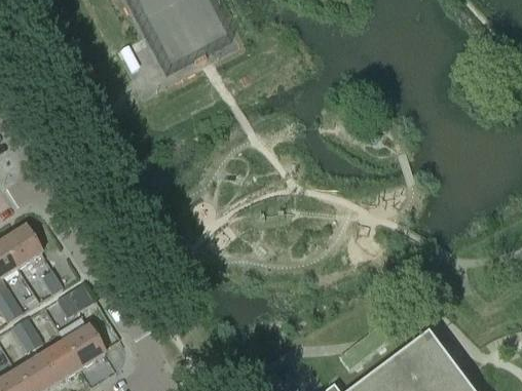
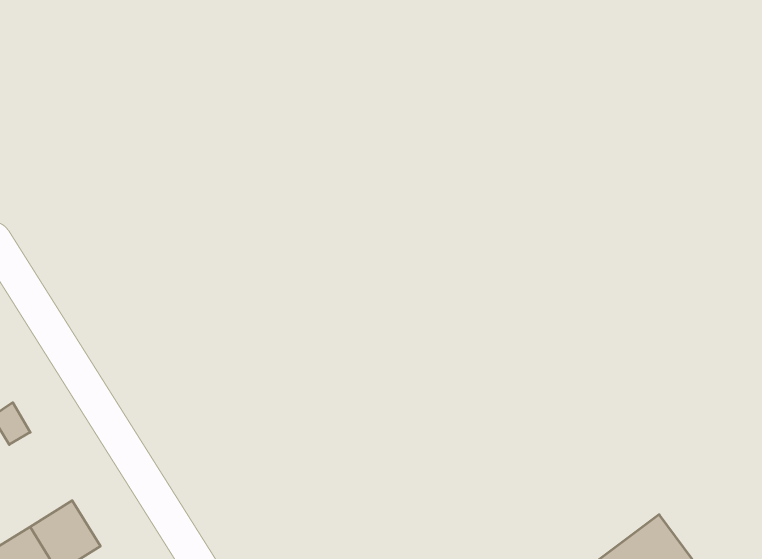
building: [57,284,94,317] -> none

